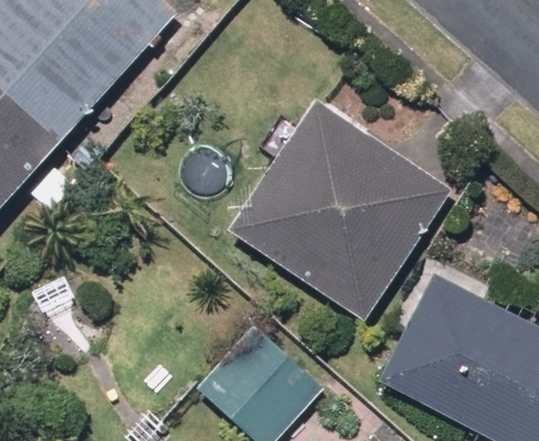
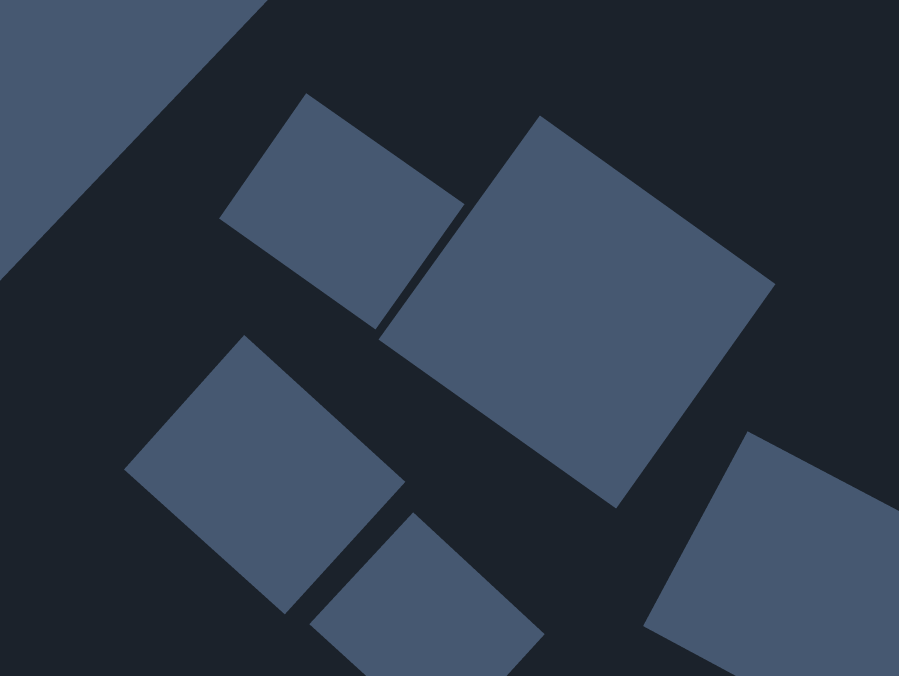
building: none -> [218,92,466,331]
building: none -> [123,334,406,615]

